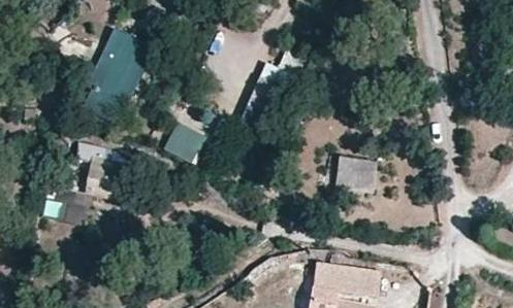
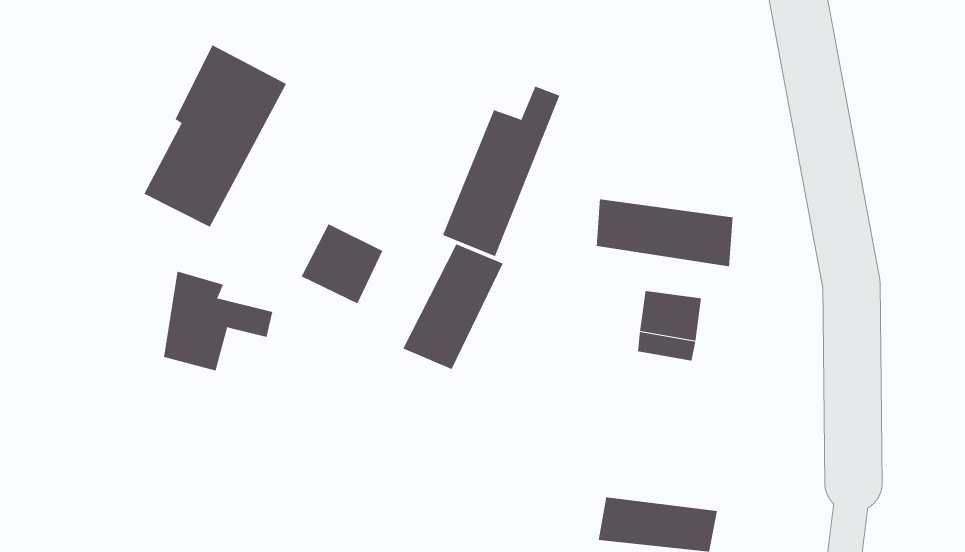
building: none -> [596,198,733,267]
building: none -> [403,244,503,370]

